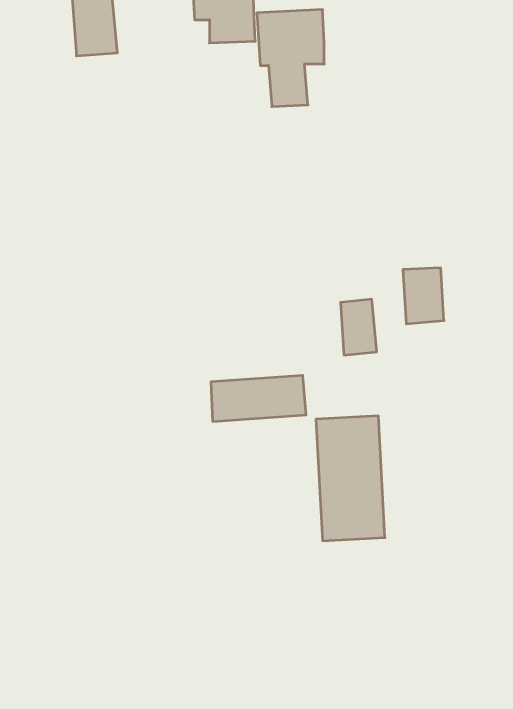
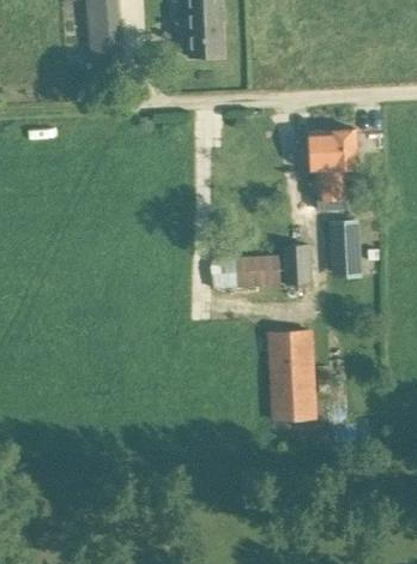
building: [257,10,324,107] -> [309,128,358,199]
building: [211,375,306,421] -> [211,254,280,288]

